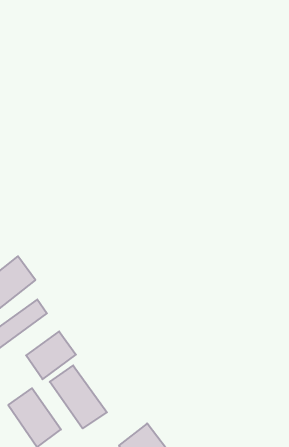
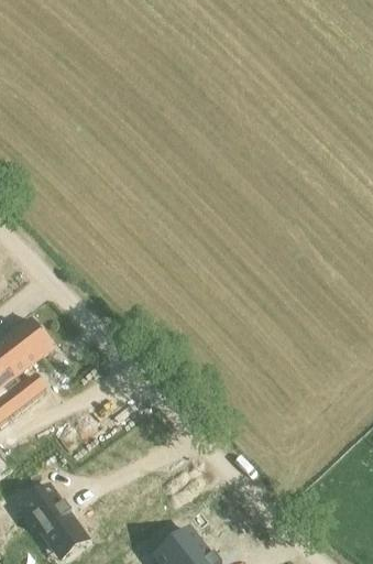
building: [26,331,76,379] -> none
building: [50,365,107,428] -> none

